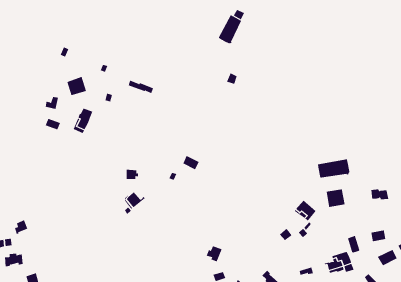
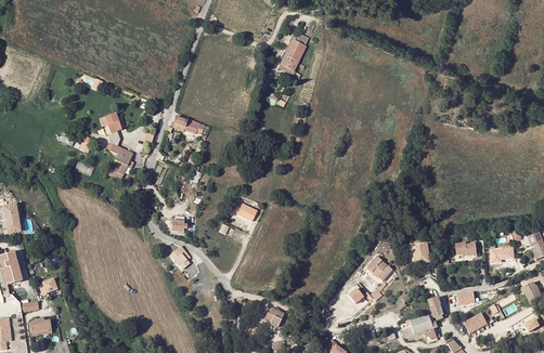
building: [318,159,350,179] -> none

